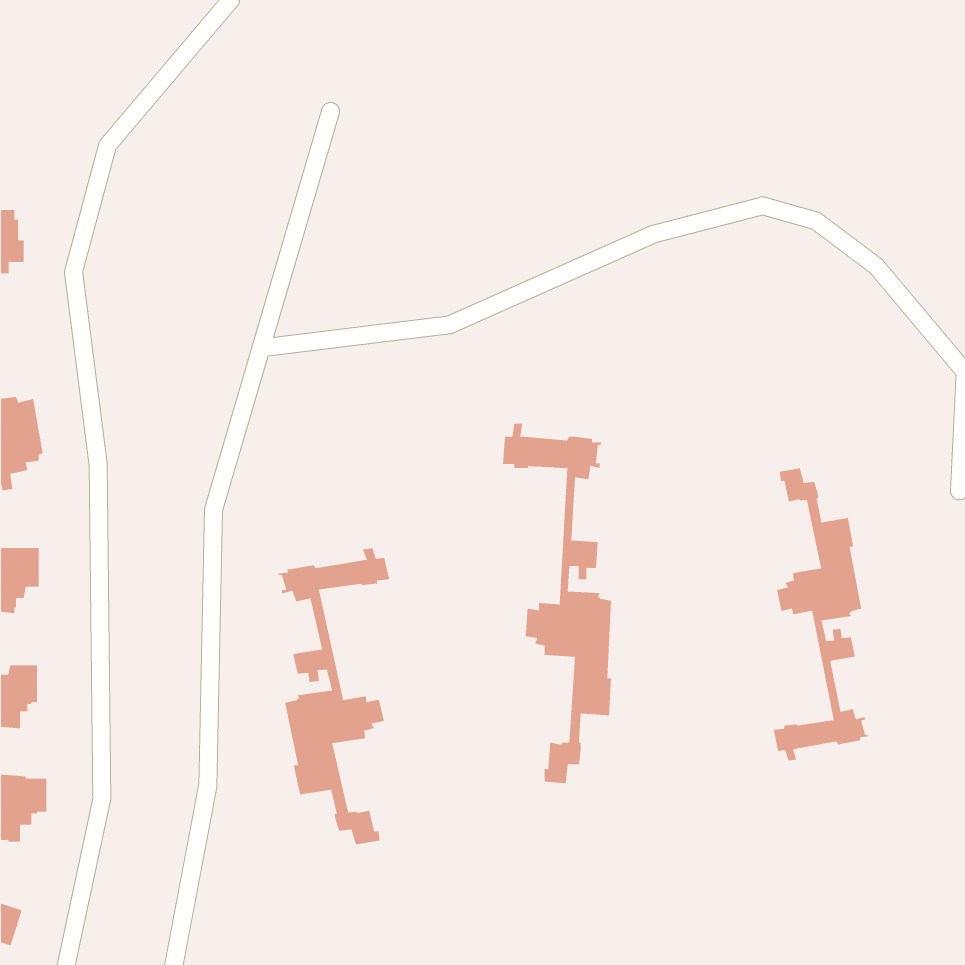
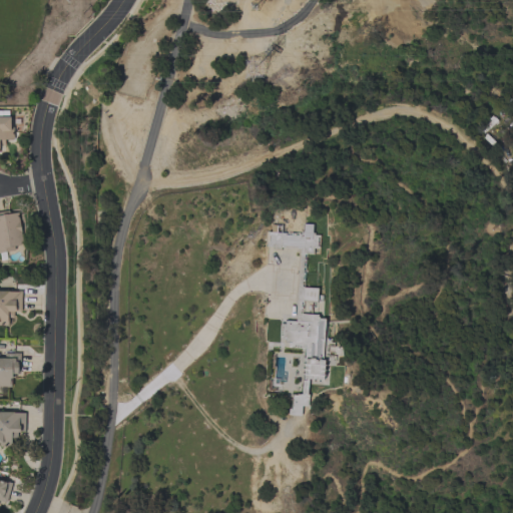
building: [773,467,869,761] -> none
building: [277,548,390,845] -> none

